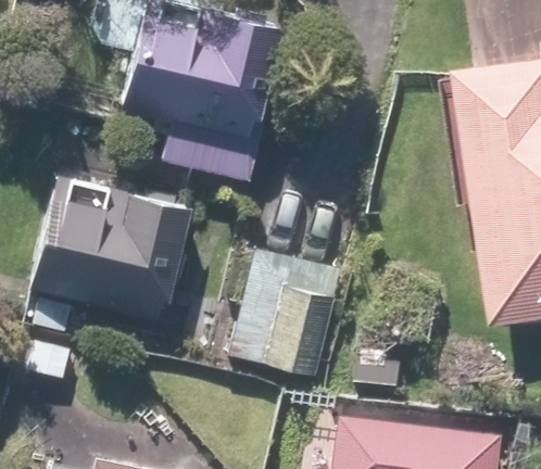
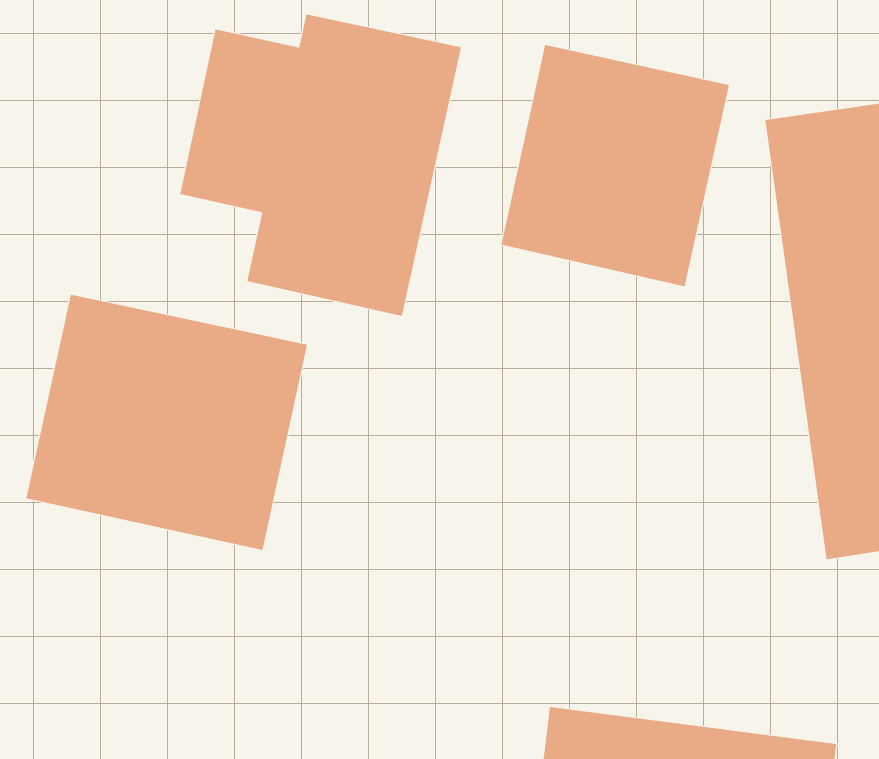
building: none -> [501,44,730,287]
building: [223,245,340,377] -> none

